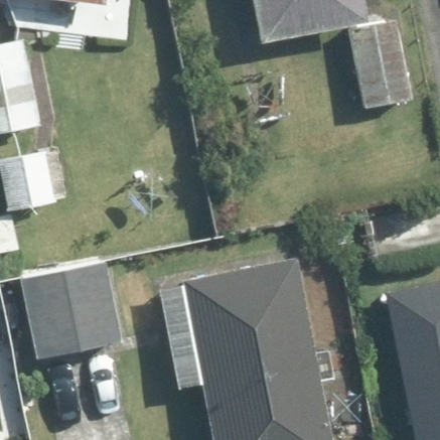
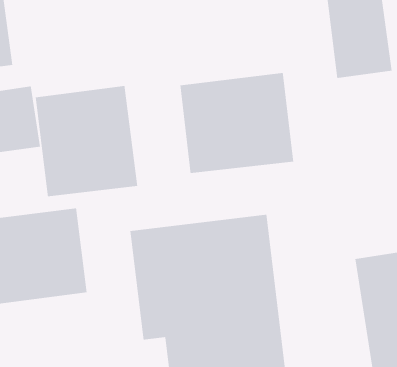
building: none -> [180,72,294,174]
building: none -> [35,85,138,197]

